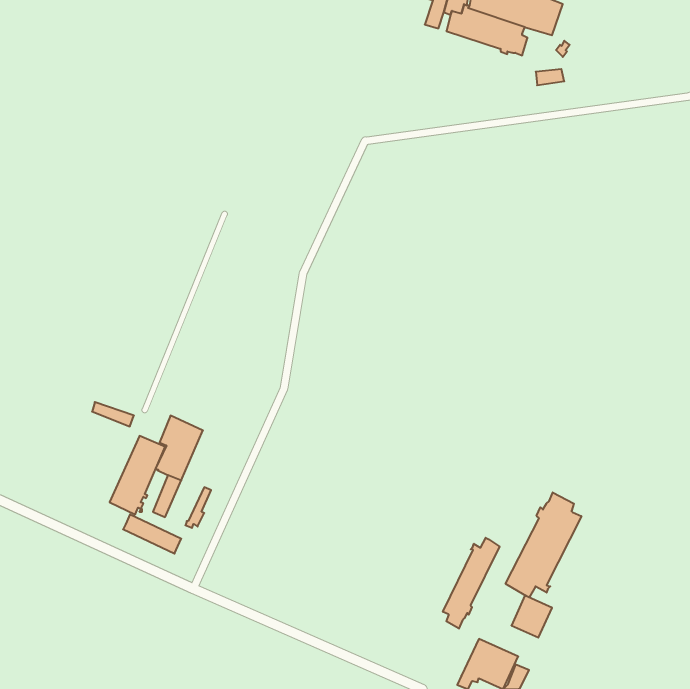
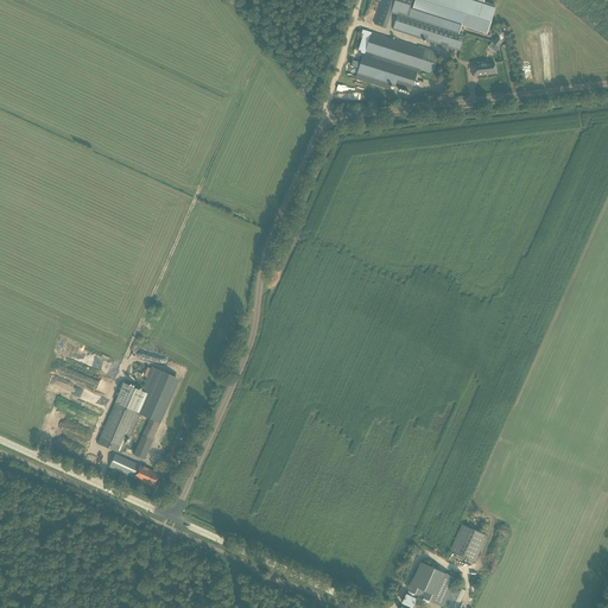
building: none -> [356,28,436,89]
building: [506,492,581,597] -> none
building: [443,538,500,629] -> none

